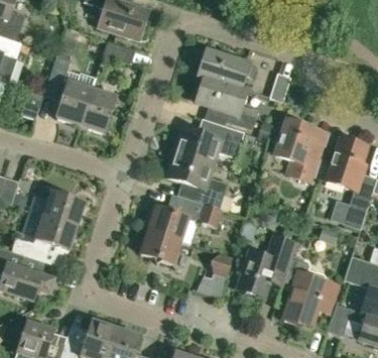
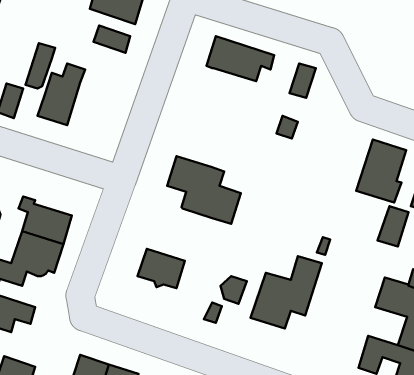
building: [197,76,257,129] -> none
building: [81,88,117,132] -> none
building: [173,117,244,163] -> none
building: [274,119,328,181] -> none
building: [148,195,223,242] -> none
building: [282,254,338,326] -> none

